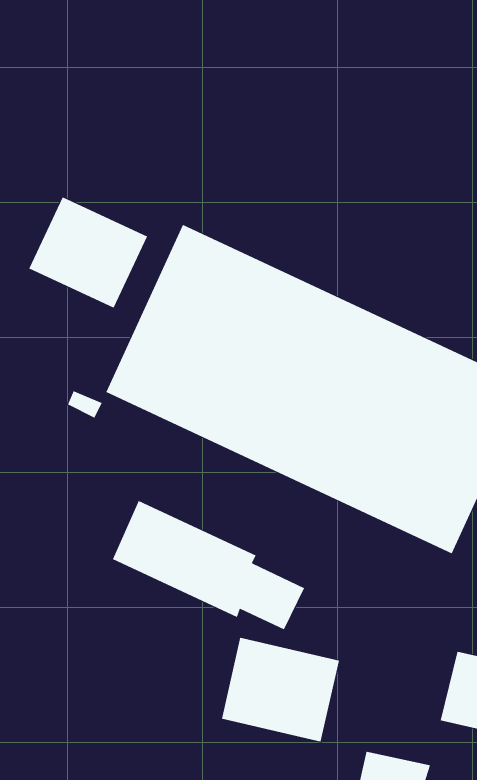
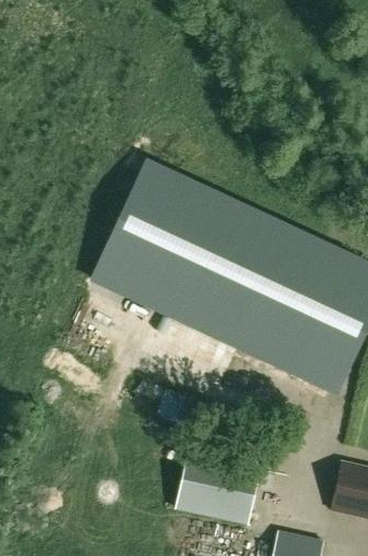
building: [29,197,148,308] -> none
building: [112,500,305,630] -> none

